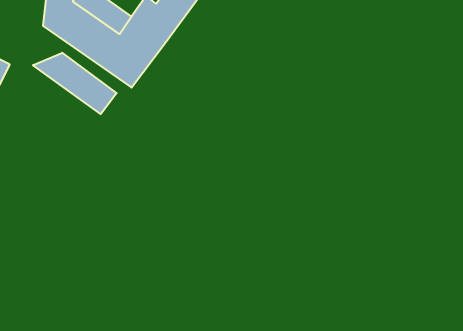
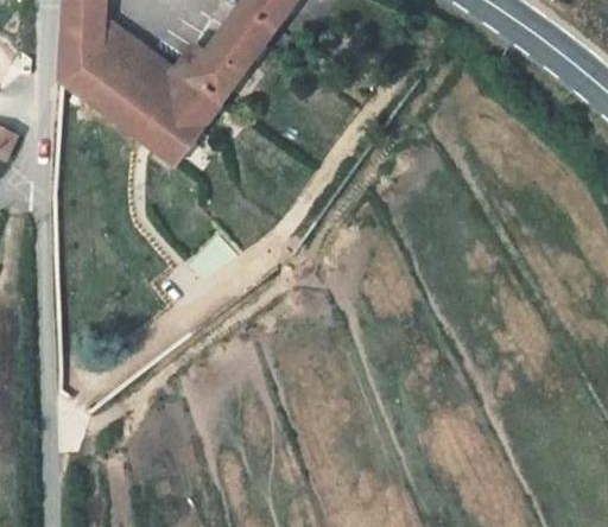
building: [33,53,117,114] -> none

